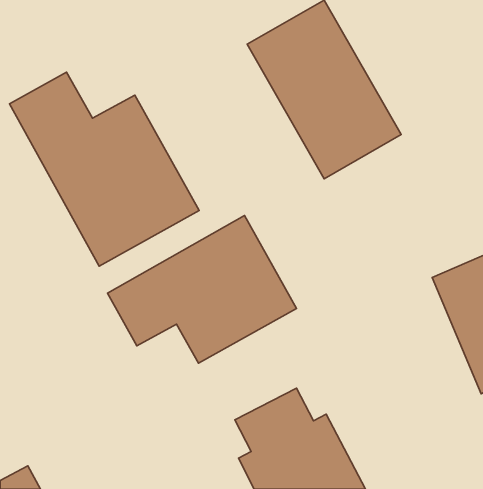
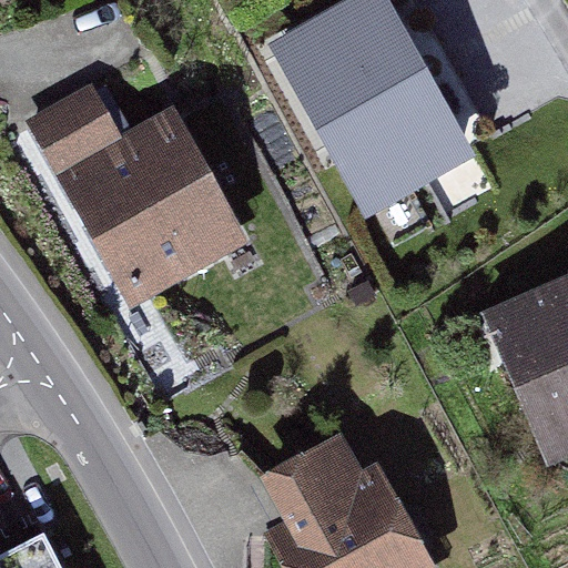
building: [108,216,297,363] -> none

